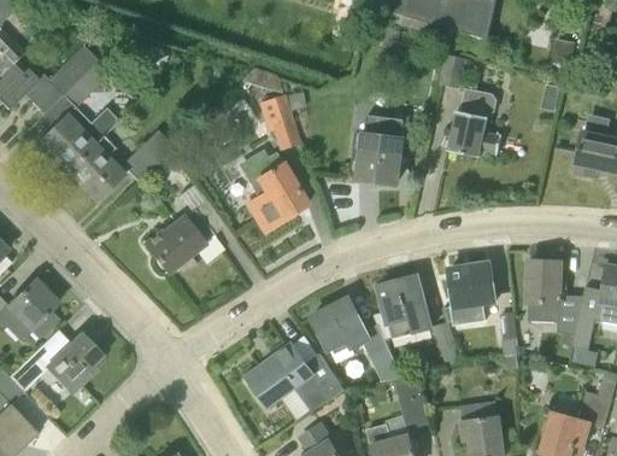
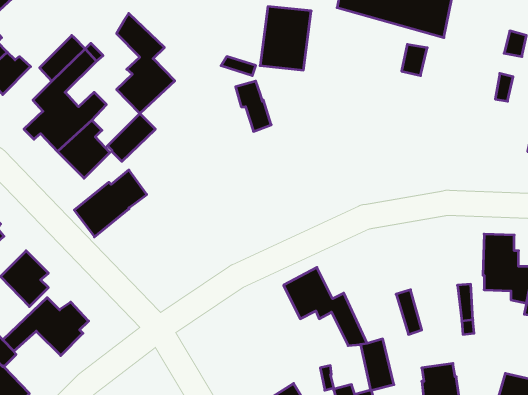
building: none -> [117,13,175,114]
building: [449,80,501,157] -> none
building: [349,115,405,183] -> [260,7,311,70]
building: [235,148,307,228] -> none
building: [146,200,224,273] -> [74,170,147,237]
building: [449,265,498,322] -> none
building: [374,279,430,379] -> none
building: [247,344,345,411] -> none

